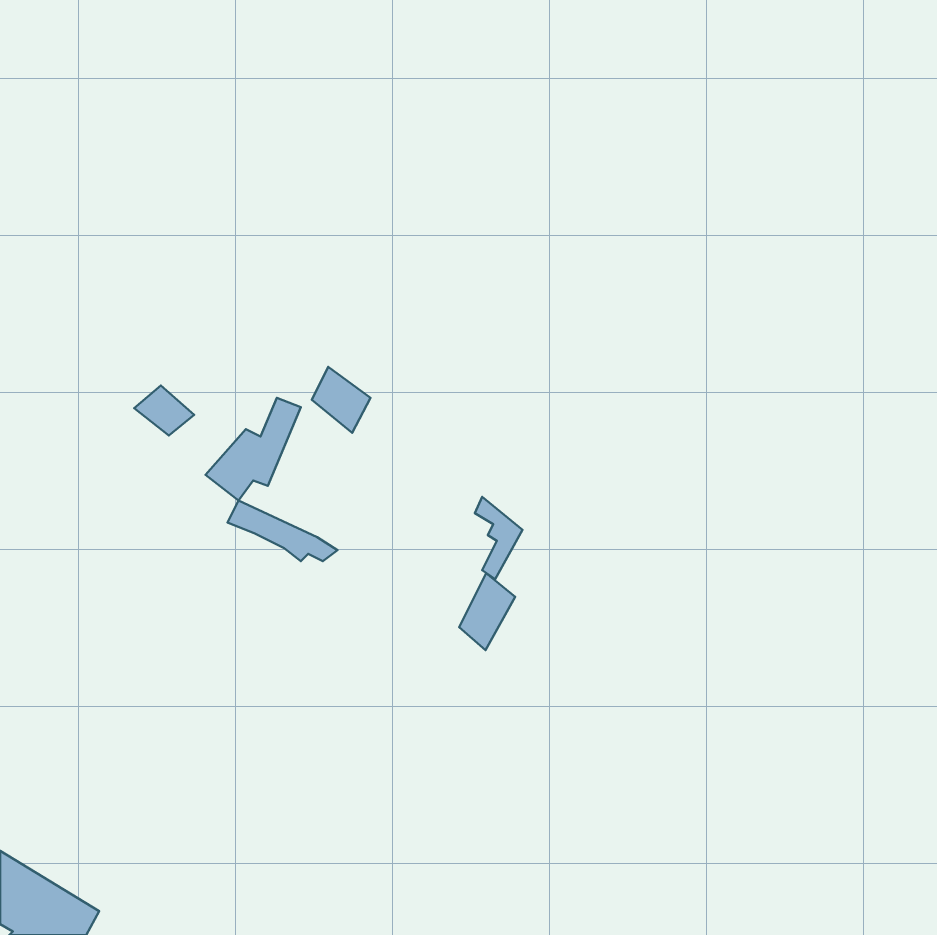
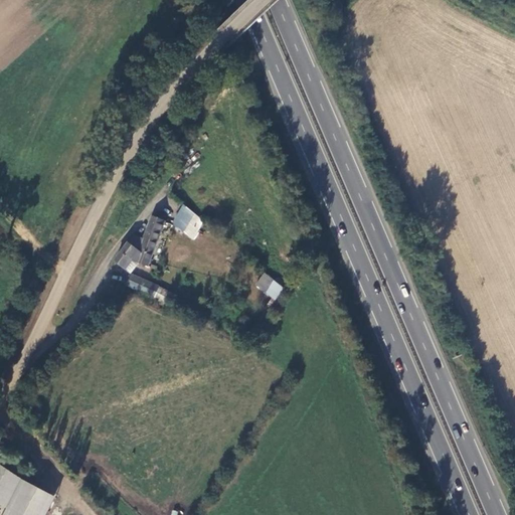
building: [134,386,194,436] -> none
building: [459,573,515,650] -> none

